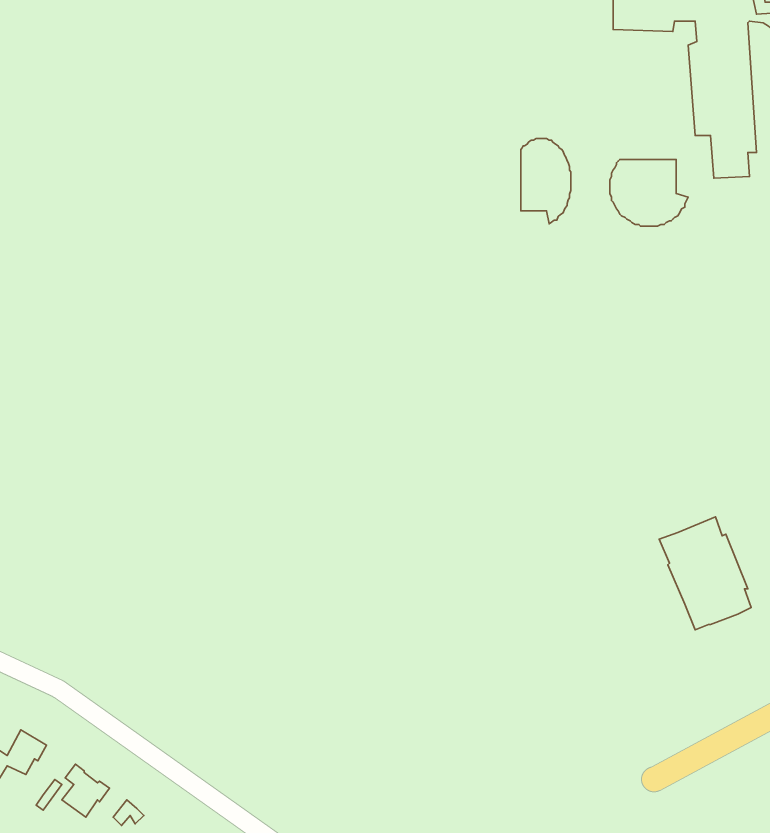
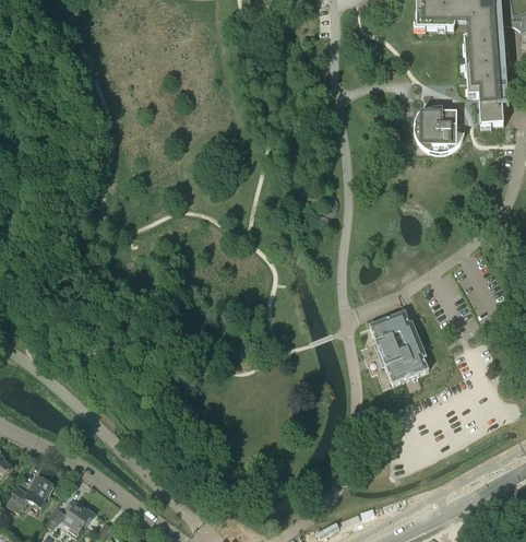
building: [521,138,571,224] -> none
building: [659,517,751,630] -> [369,309,428,381]

